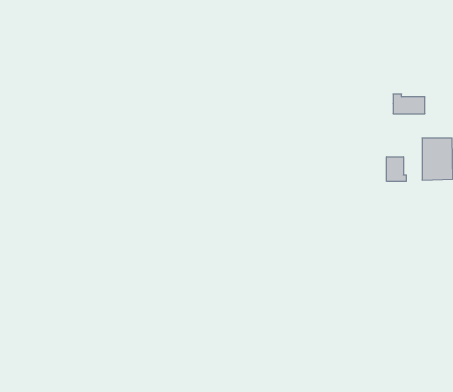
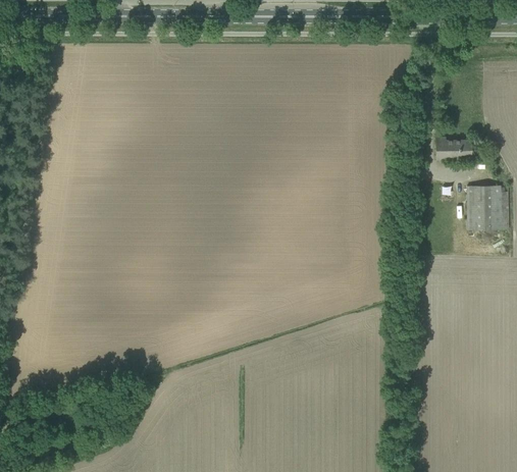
building: [387,157,406,181] -> none

